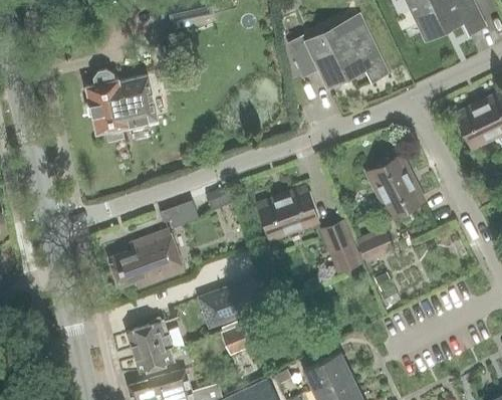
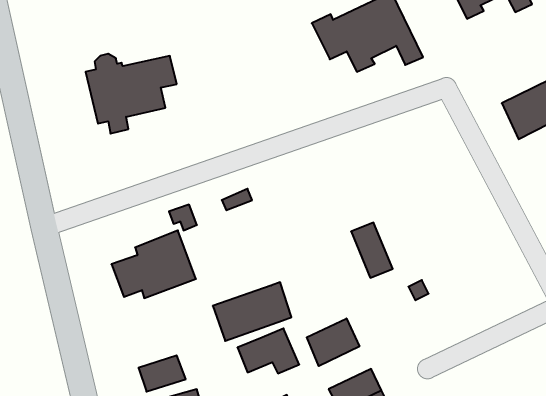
building: [369,158,423,217] -> none
building: [260,189,317,239] -> none
building: [362,227,400,261] -> none
building: none -> [307,318,359,366]
building: [128,318,170,352] -> none

